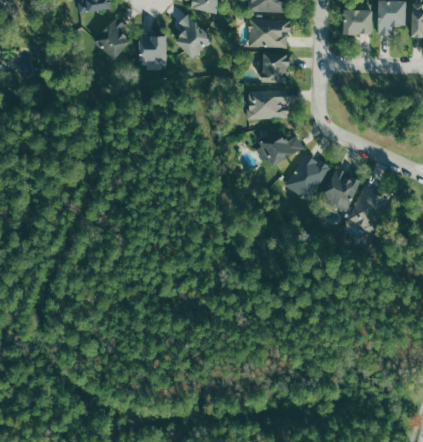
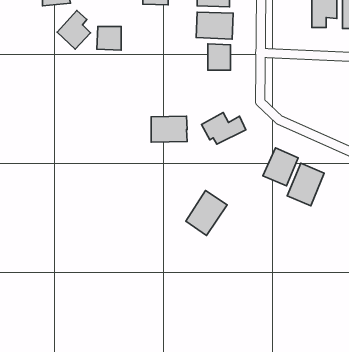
building: [341,10,371,35] -> none
building: [173,14,212,59] -> none
building: [248,90,288,119] -> [151,116,187,142]
building: [285,153,331,203] -> [186,190,227,236]

